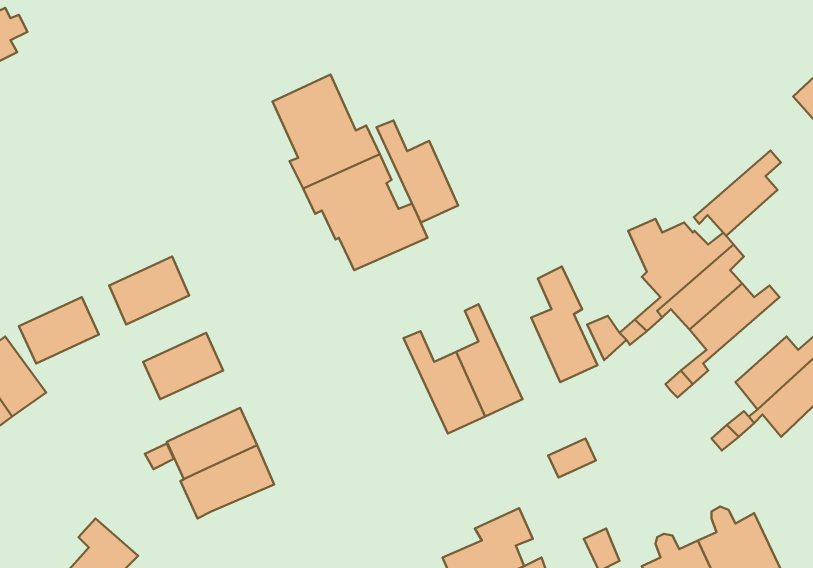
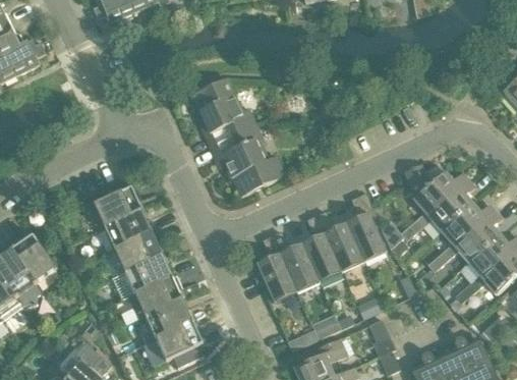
building: [377,120,458,223] -> [315,211,364,272]
building: [694,151,781,236] -> [450,211,502,262]
building: [19,297,99,363] -> [105,210,153,250]
building: none -> [257,235,297,303]
building: none -> [125,255,173,294]
building: none -> [288,313,354,351]
building: none -> [368,319,395,356]
building: none -> [143,323,205,369]

